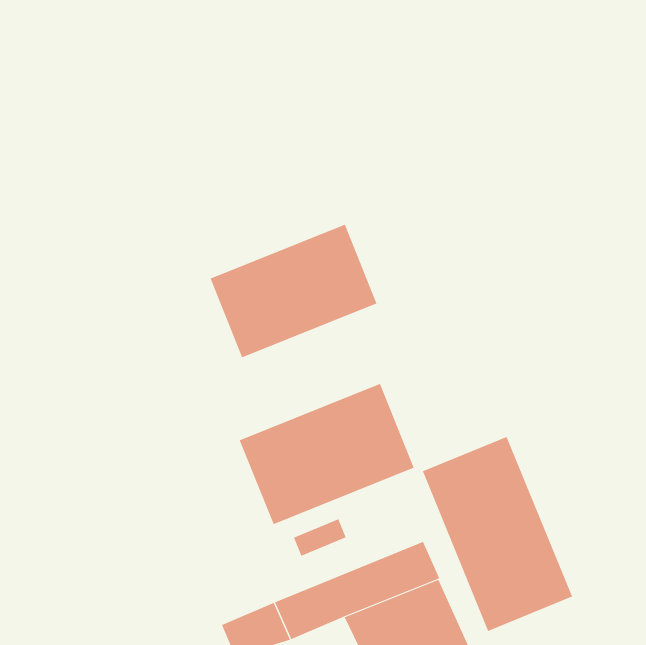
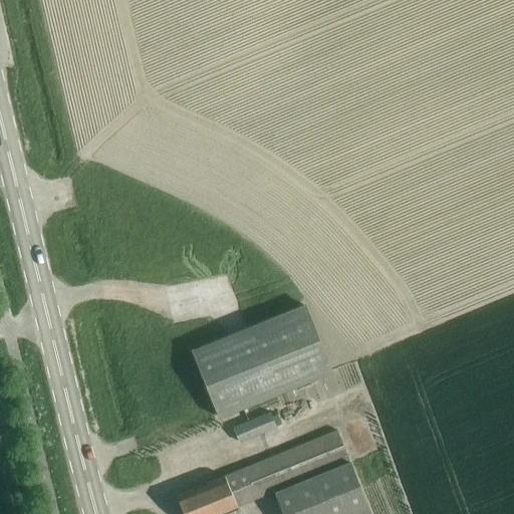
building: [210,224,377,358] -> none
building: [422,436,573,632] -> none

